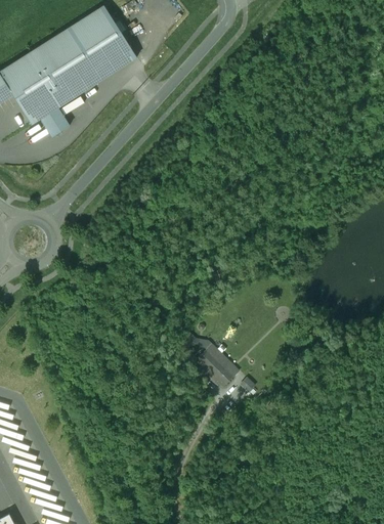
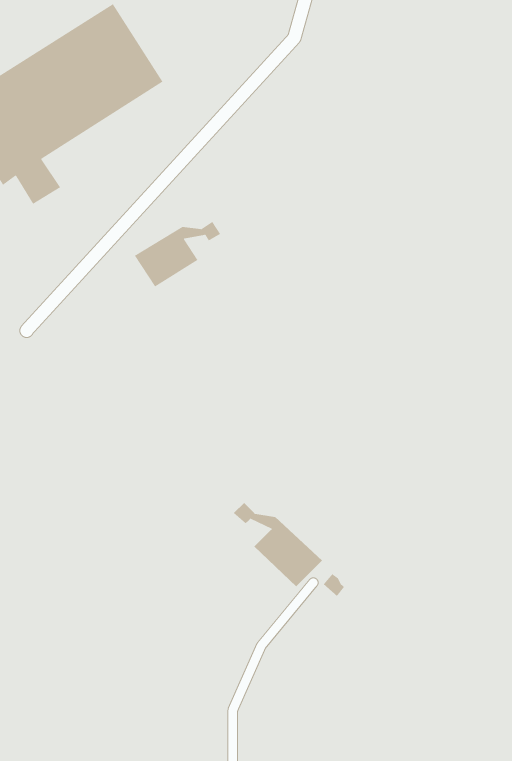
building: none -> [134,221,221,288]

